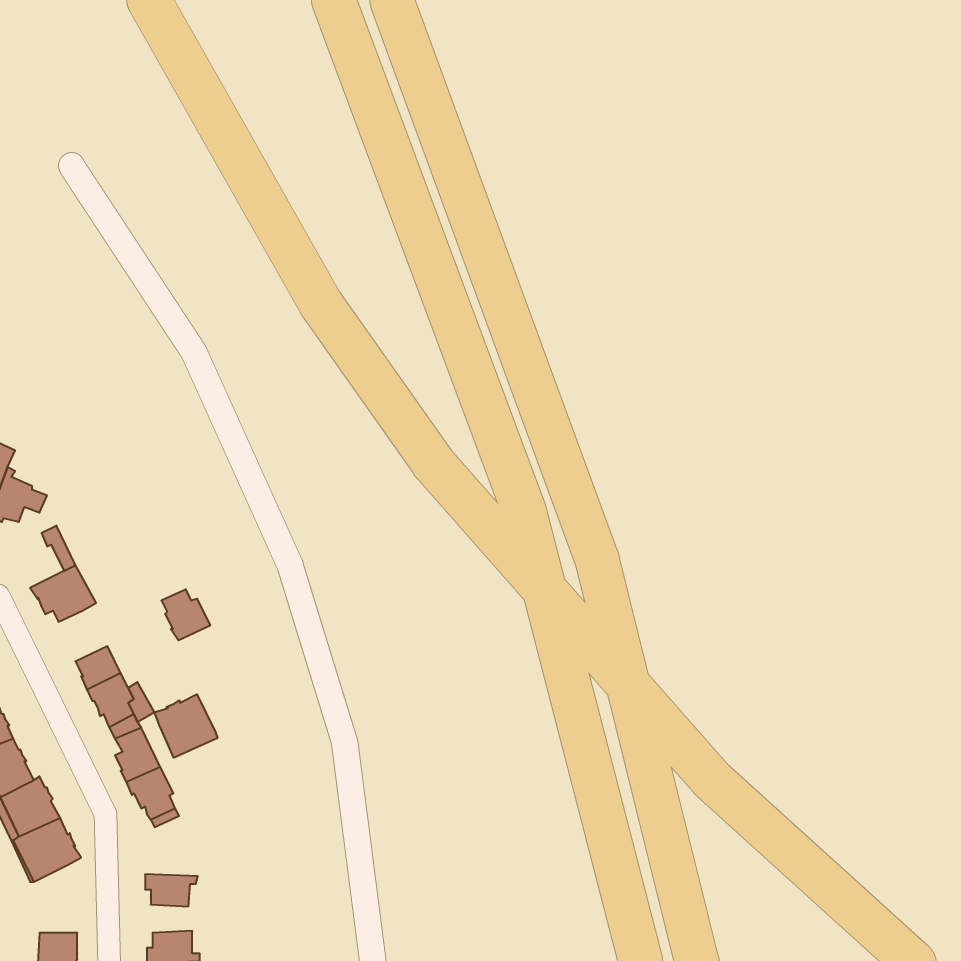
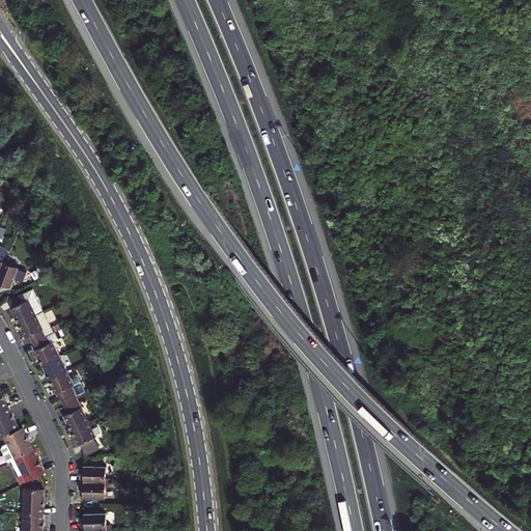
building: none -> [9,295,35,325]
building: [161,589,210,640] -> [32,337,59,365]
building: [155,694,217,758] -> none
building: none -> [80,467,109,483]
building: none -> [22,488,44,514]

